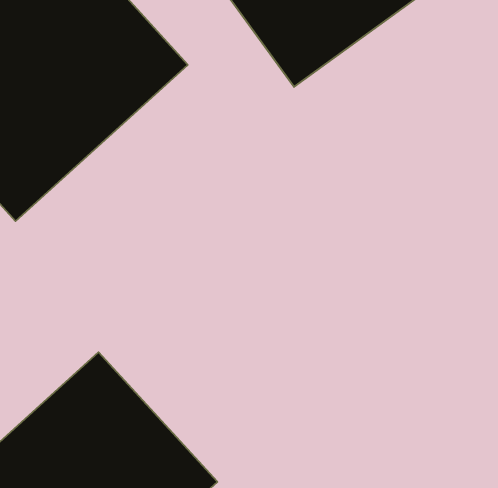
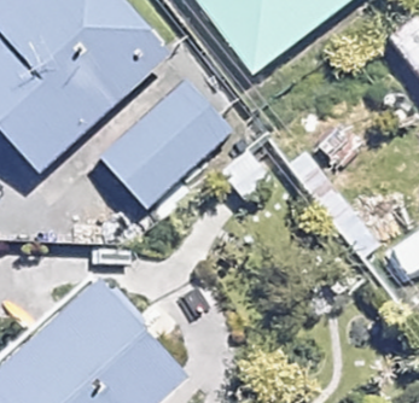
building: none -> [100,76,237,206]

